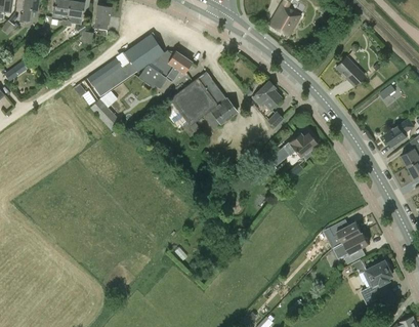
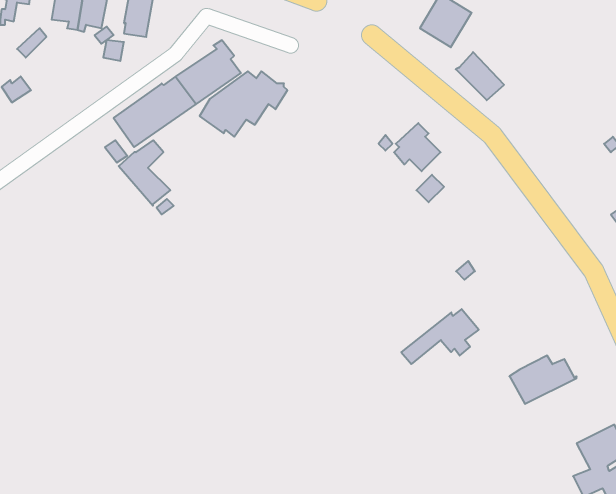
building: [335,56,364,85] -> [456,52,504,100]
building: [169,72,237,142] -> none
building: [270,131,317,164] -> [401,309,479,364]
building: [332,233,369,264] -> none

